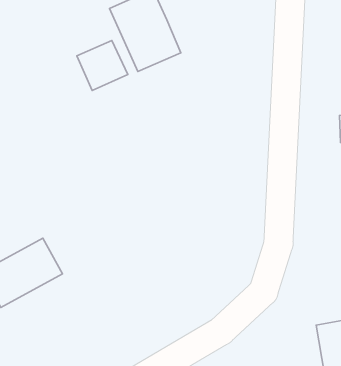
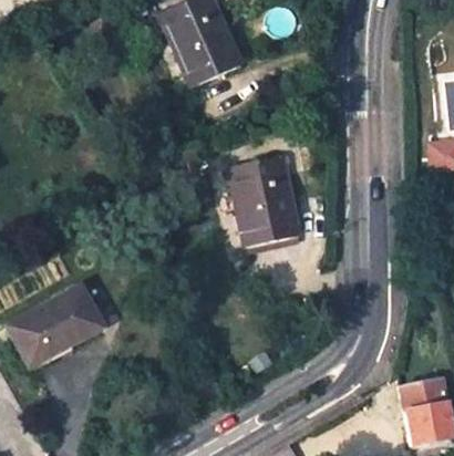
building: [77,40,128,91] -> none
building: none -> [228,156,299,246]

